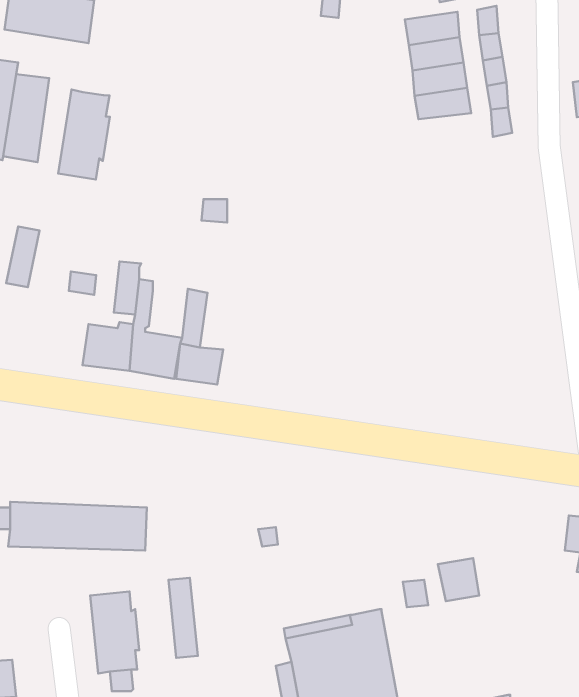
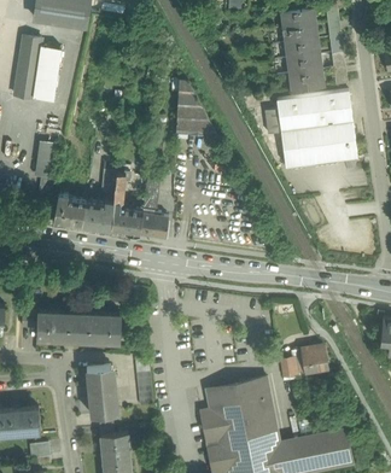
building: [58,89,110,180] -> none
building: none -> [290,71,323,92]
building: none -> [176,81,217,136]
building: none -> [265,92,357,168]
building: none -> [52,194,86,227]

